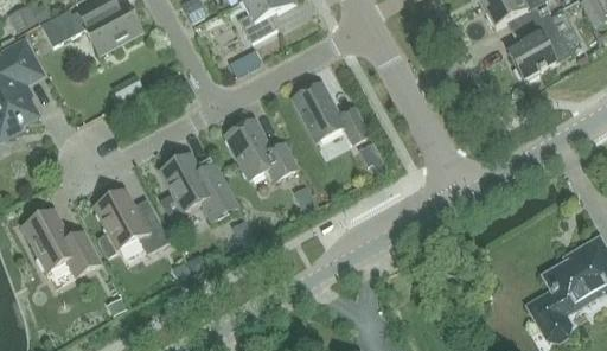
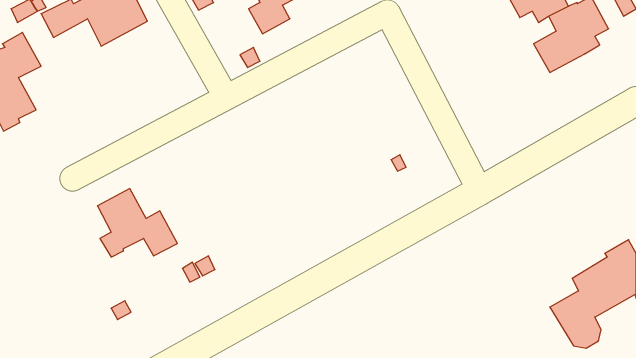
building: [293,82,368,140] -> none
building: [224,117,296,180] -> none
building: [159,153,236,219] -> none
building: [21,208,100,275] -> none

